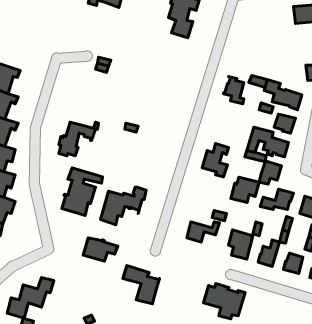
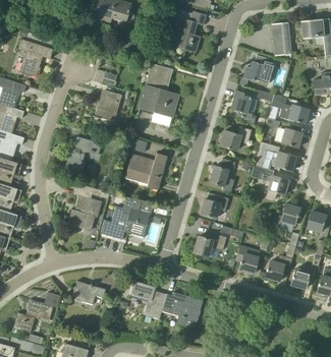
building: none -> [271,22,290,55]
building: none -> [18,39,53,76]
building: none -> [243,61,272,82]
building: none -> [139,63,179,117]
building: none -> [93,90,121,122]
building: none -> [220,126,252,151]
building: none -> [125,153,167,189]
building: [231,177,259,202] -> [201,192,229,218]
building: [83,238,118,261] -> [71,281,106,304]
building: [203,283,245,319] -> [161,291,203,326]

